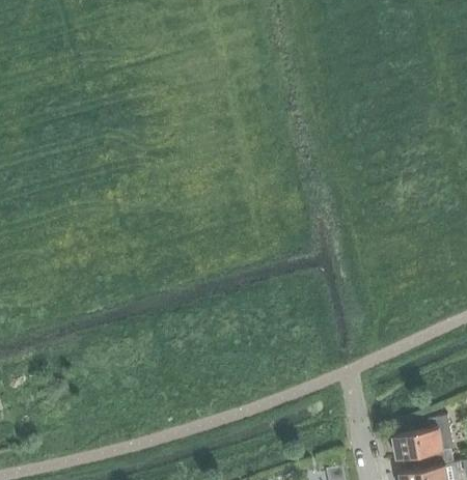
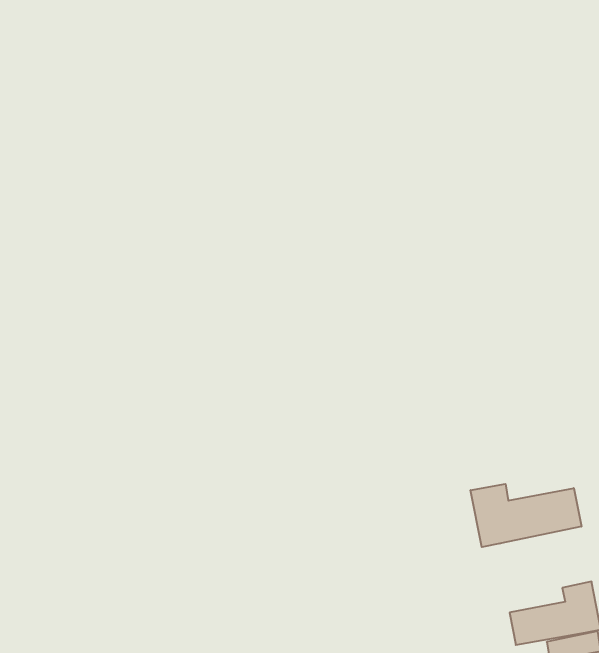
building: none -> [471,484,581,547]

